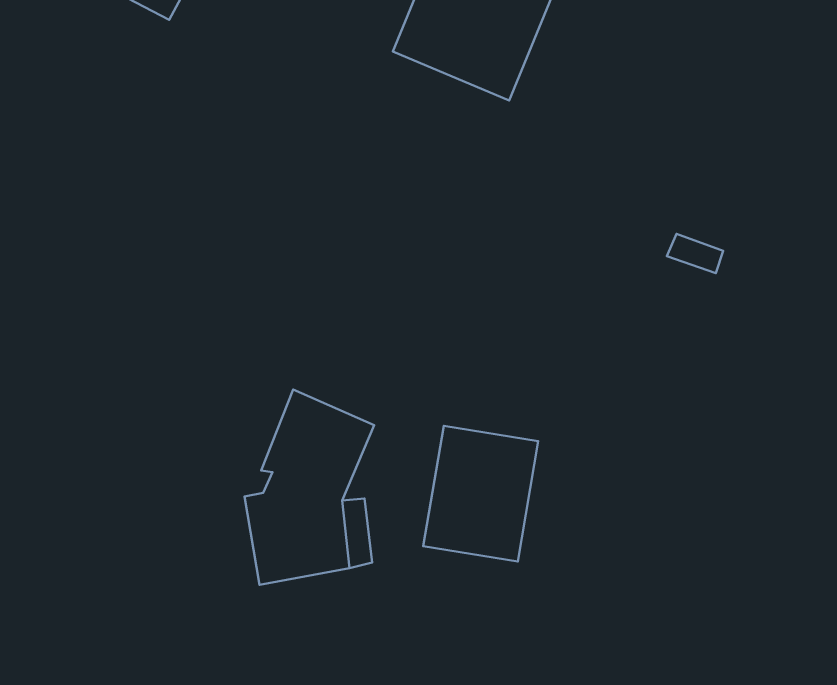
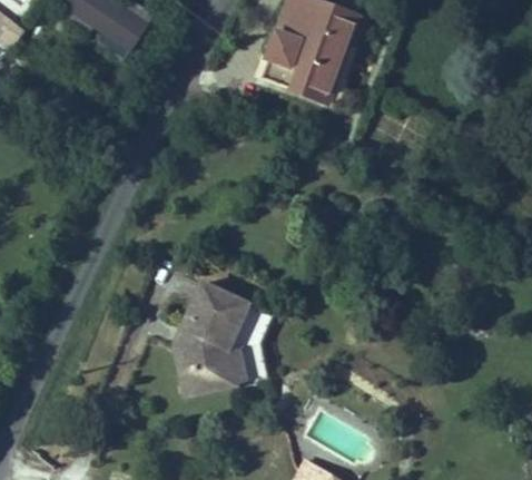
building: [423,426,538,561] -> none

